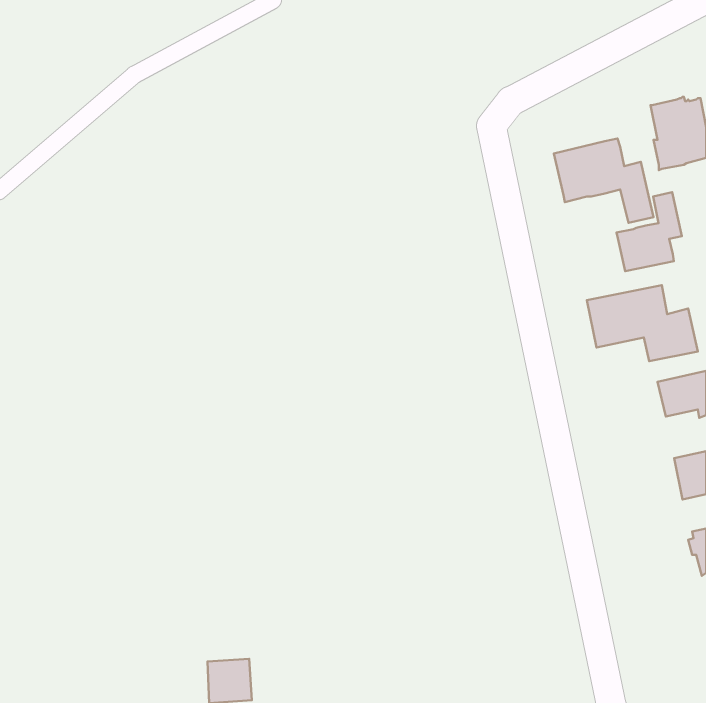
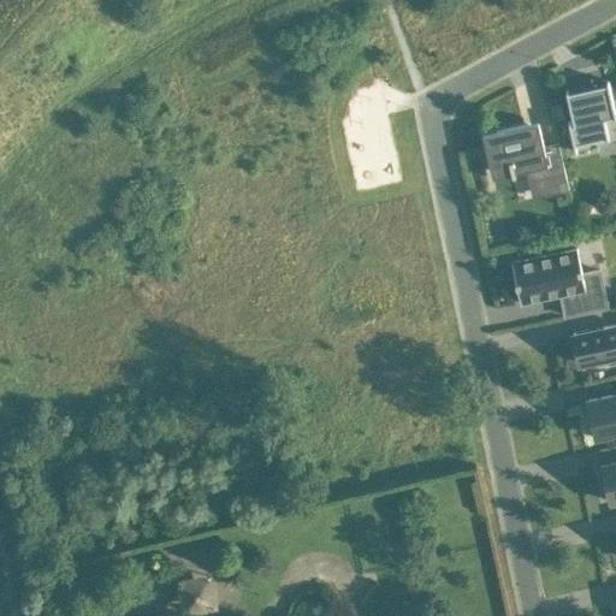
building: [616,192,682,271] -> none

